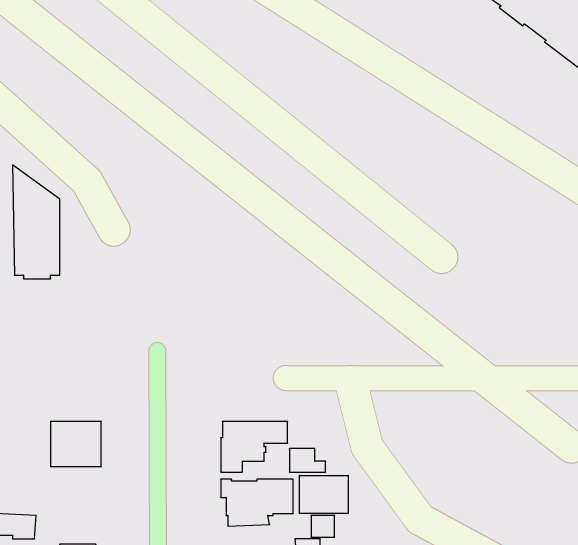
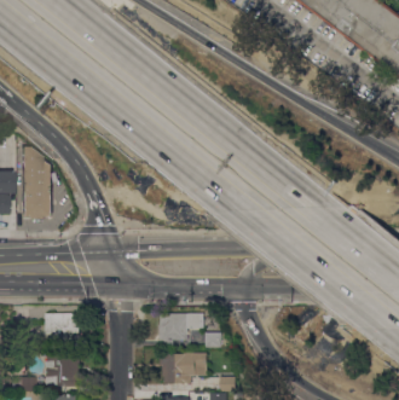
building: [299,475,348,513] -> none
building: none -> [47,353,81,385]

